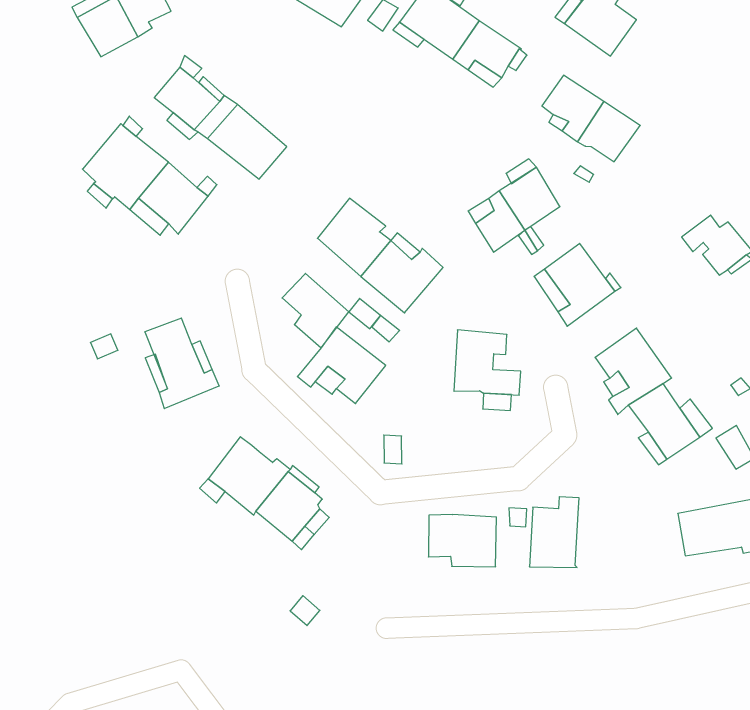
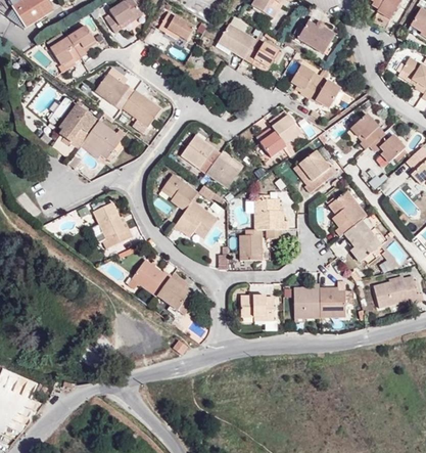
building: none -> [346,111,381,146]
building: none -> [242,228,269,260]
building: none -> [322,279,349,315]

